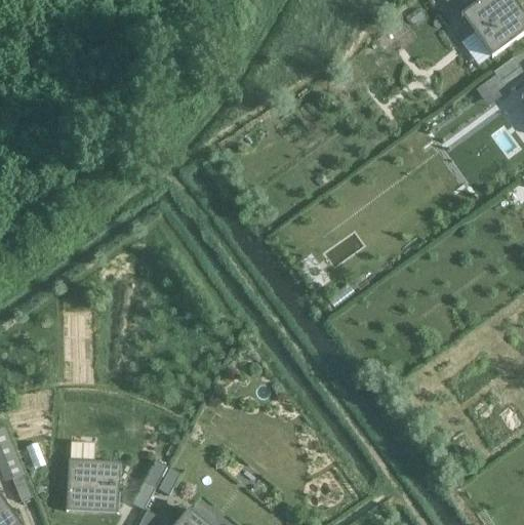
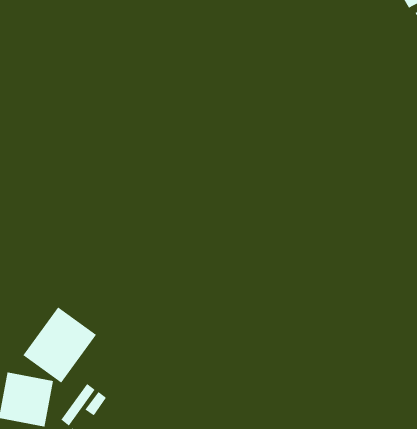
building: none -> [23,306,97,383]

